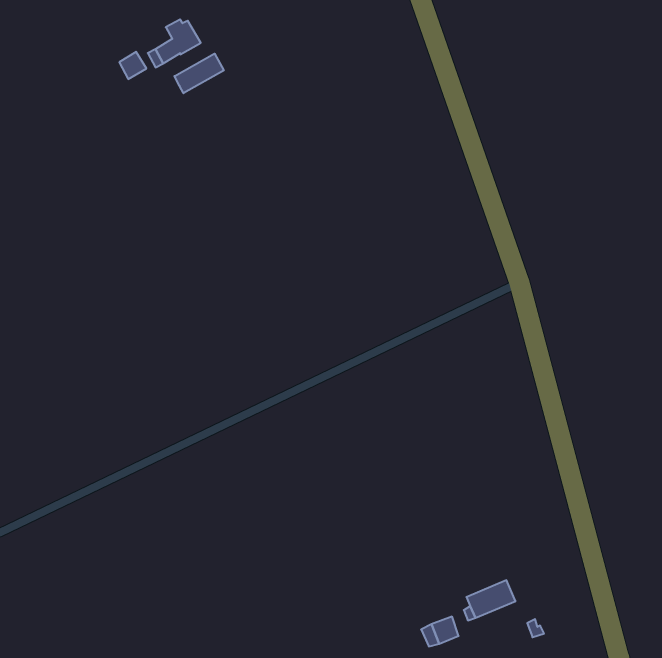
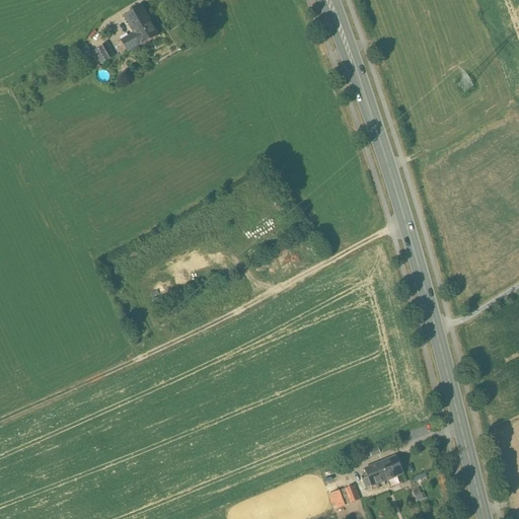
building: [174,54,224,93] -> none

